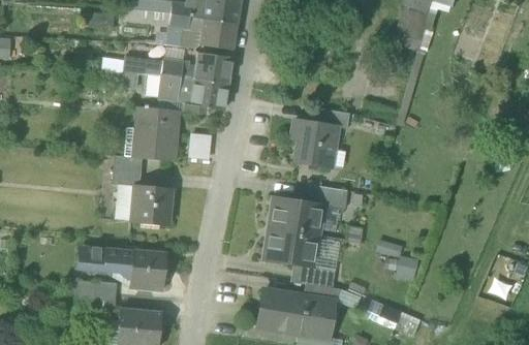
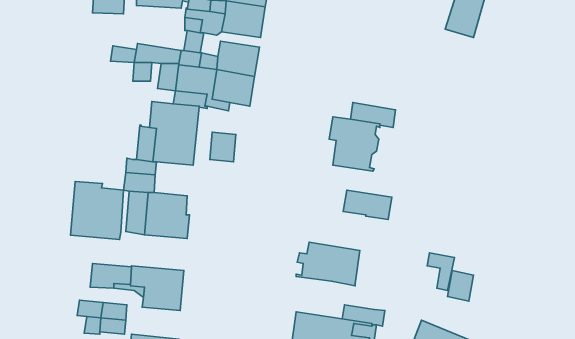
building: none -> [71,182,123,239]
building: [271,196,325,236] -> none
building: [293,262,336,287] -> none

